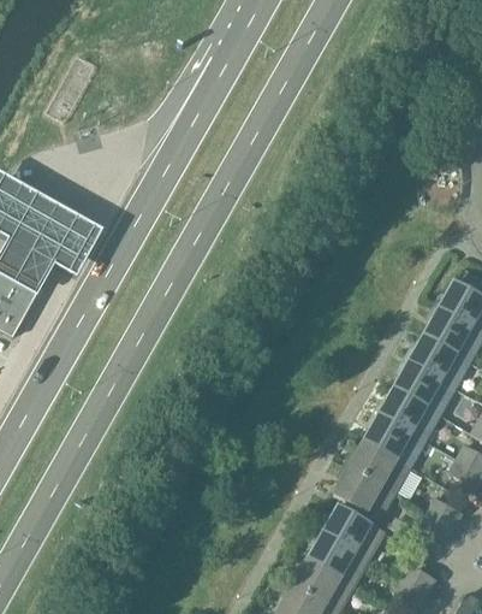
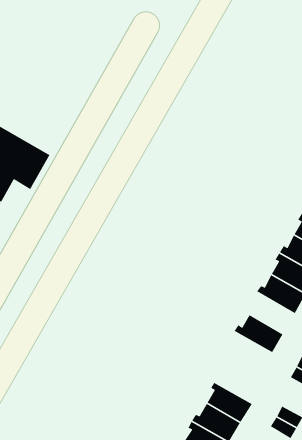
building: [364,411,426,467] -> none
building: [333,464,395,520] -> none
building: [317,506,385,560] -> none

